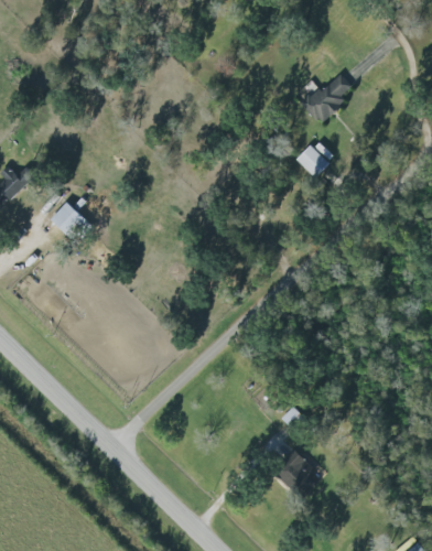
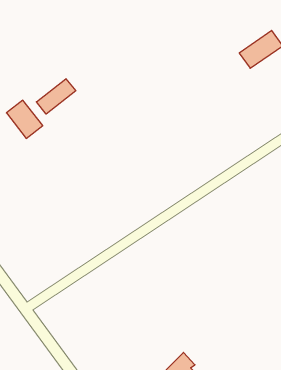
building: [295,143,328,176] -> none
building: none -> [36,79,76,114]

